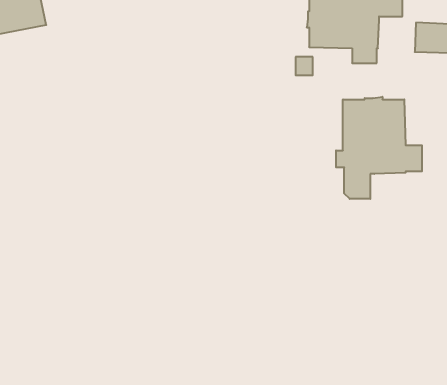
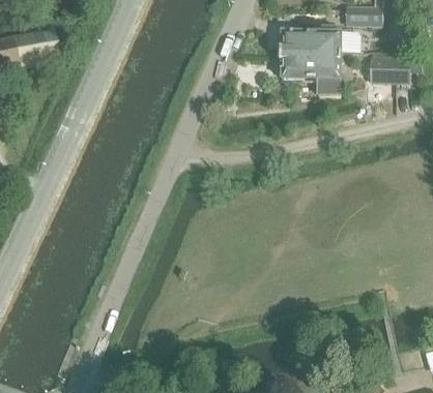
building: [336,97,422,199] -> none

